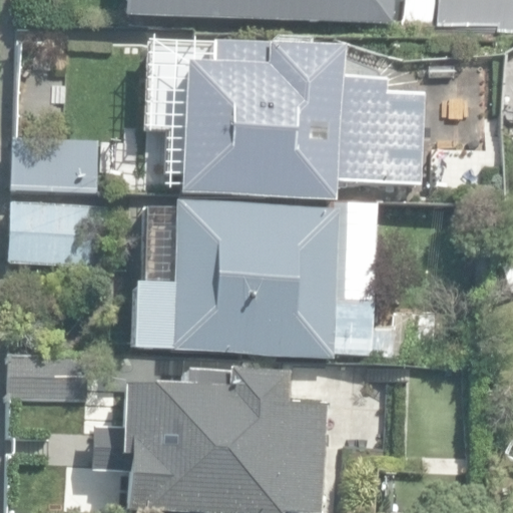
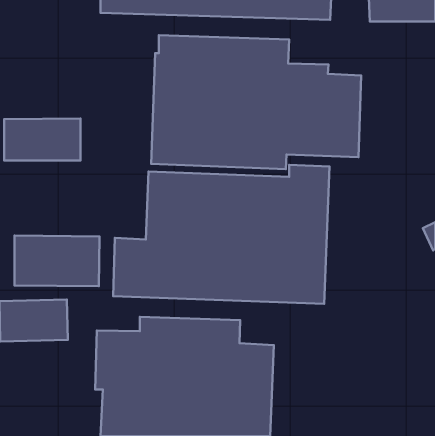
building: [5,203,104,263] -> [15,236,100,286]

